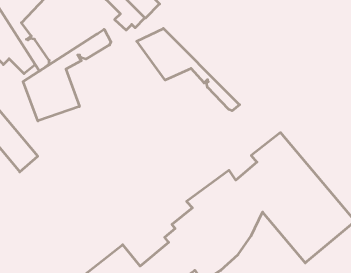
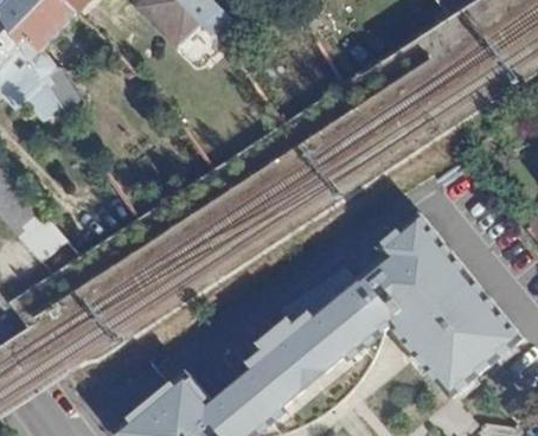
building: [137,28,240,111] -> none
building: [23,29,111,121] -> none

